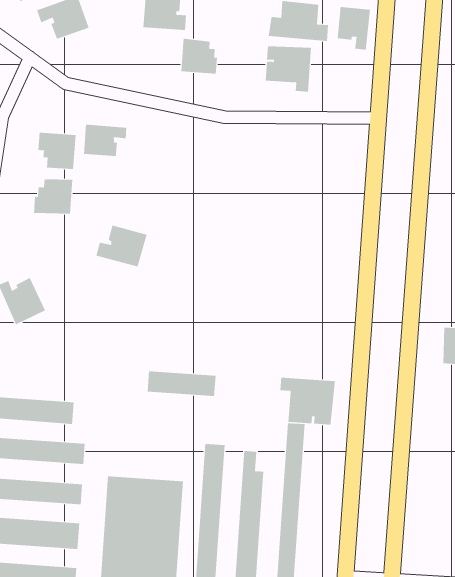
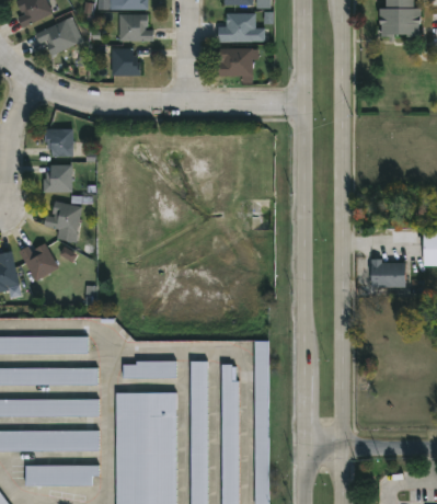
building: [337,6,371,50] -> none
building: [180,38,218,74] -> [112,48,140,75]
building: [83,124,127,157] -> none
building: [96,225,147,267] -> [44,201,83,232]
building: [147,371,216,397] -> [123,363,176,379]
building: [280,377,336,425] -> none

